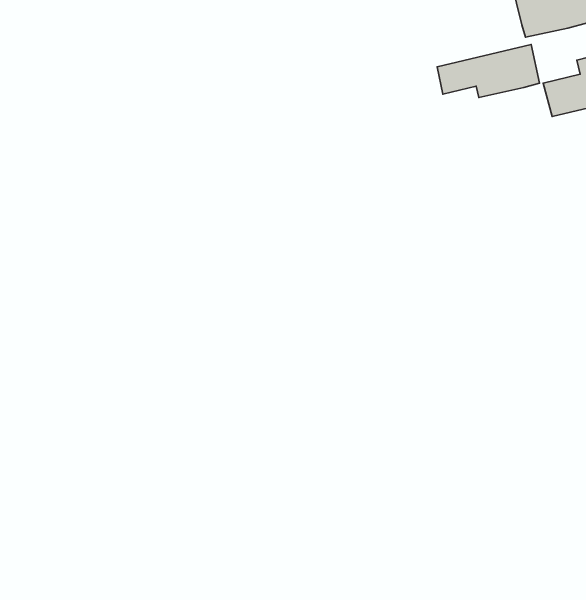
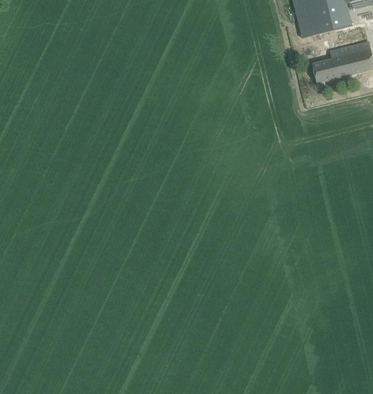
building: [437,45,539,98] -> none

